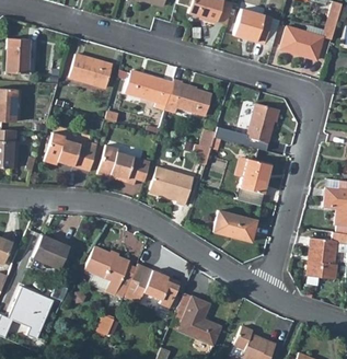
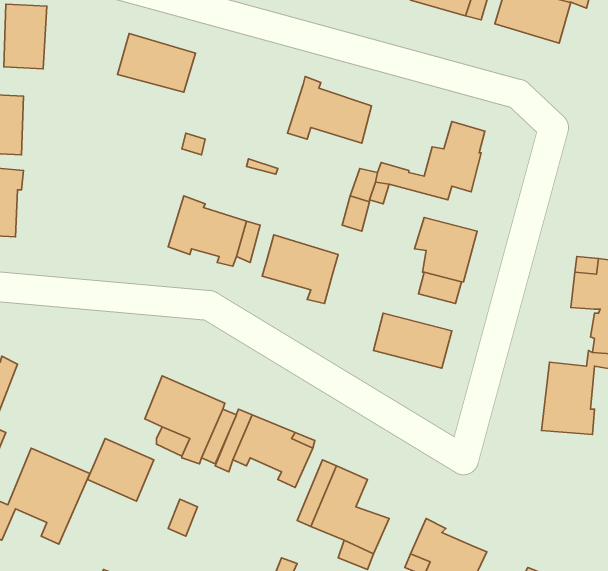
building: [125,70,173,109] -> none
building: [44,131,97,171] -> none
building: [32,234,69,269] -> [87,438,154,501]

